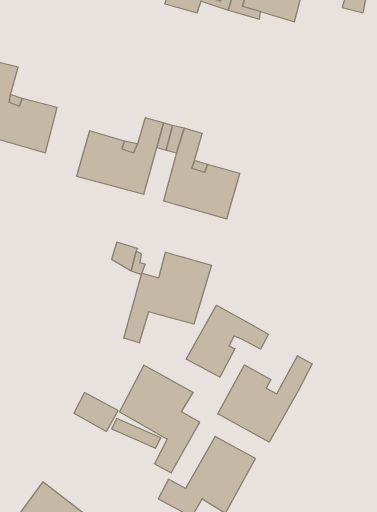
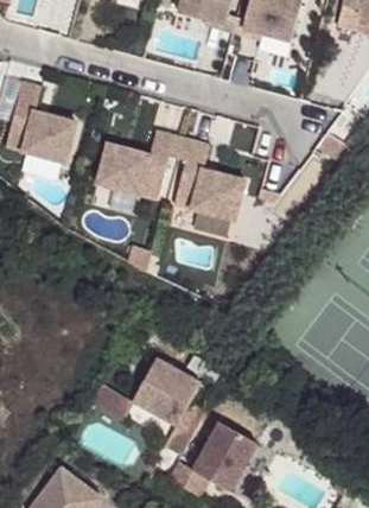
building: [124,252,211,343] -> none
building: [186,305,269,377] -> none
building: [218,356,312,442] -> none

